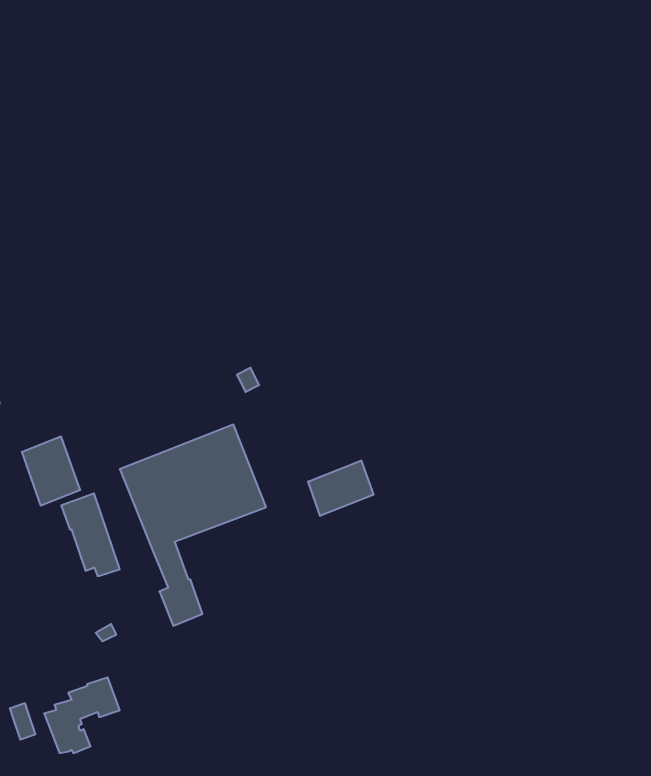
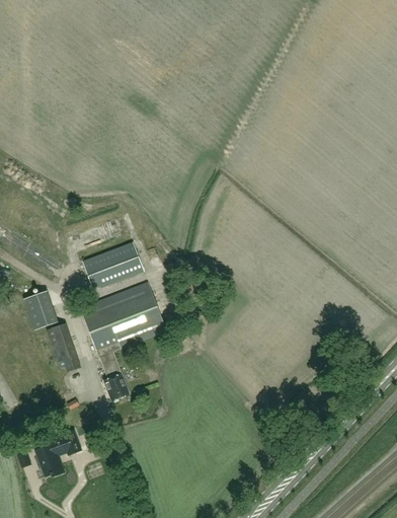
building: none -> [82,241,144,287]
building: [308,460,373,516] -> none

